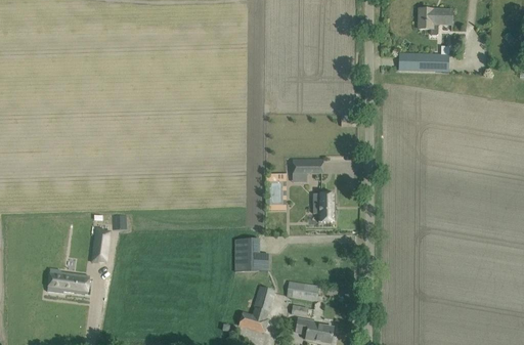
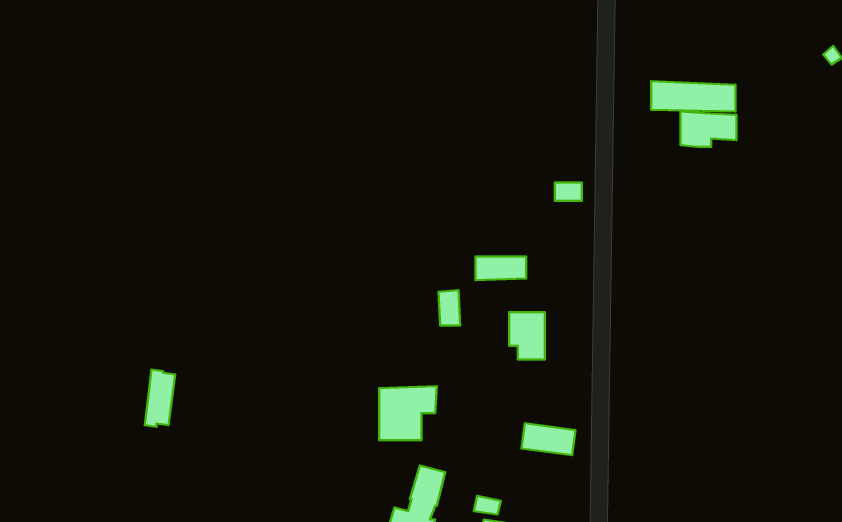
building: [418,8,451,30] -> [681,112,736,147]
building: [46,269,89,295] -> none
building: [286,282,318,301] -> [522,423,576,455]

